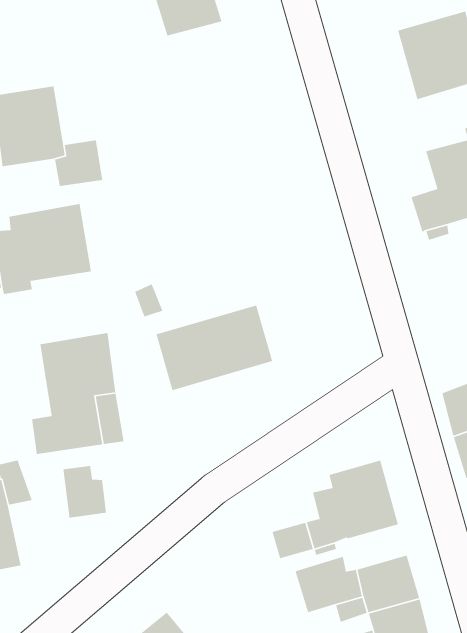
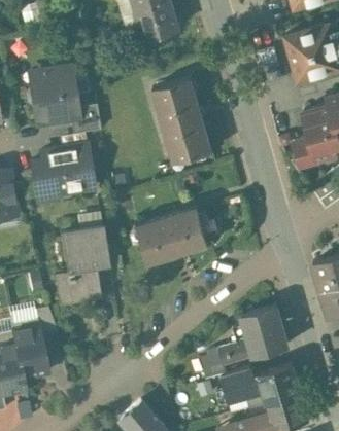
building: none -> [152,78,211,163]
building: [63,465,107,519] -> none

